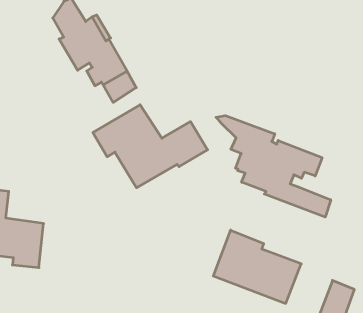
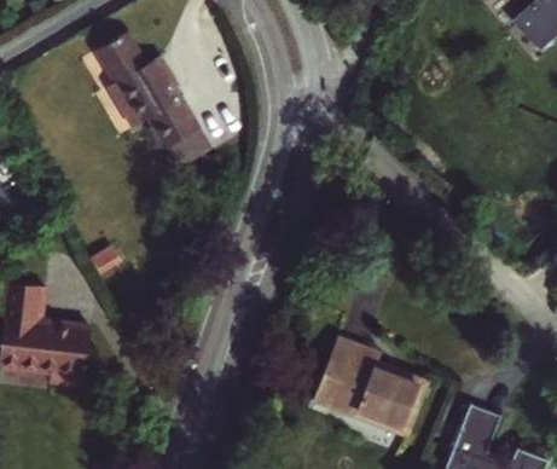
building: [93,105,208,188] -> none
building: [216,116,331,217] -> none

